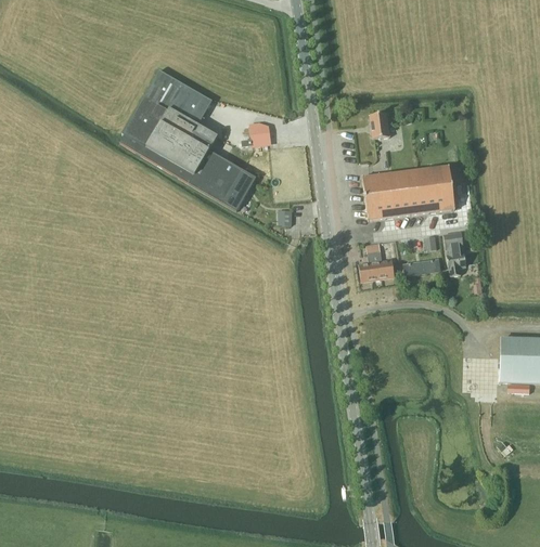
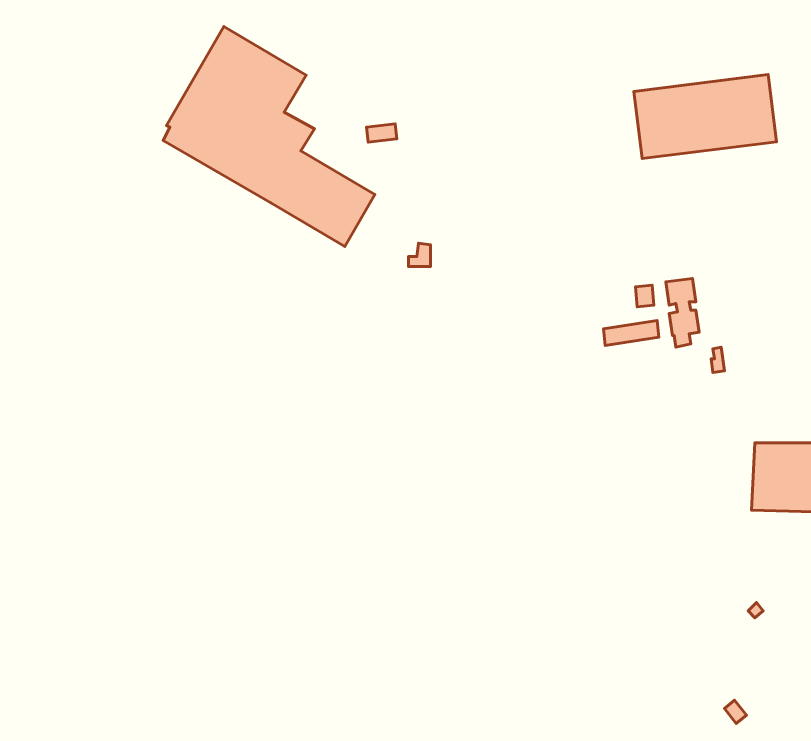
building: [370,112,391,138] -> none
building: [363,165,455,219] -> [634,75,777,159]
building: [359,240,395,281] -> none

